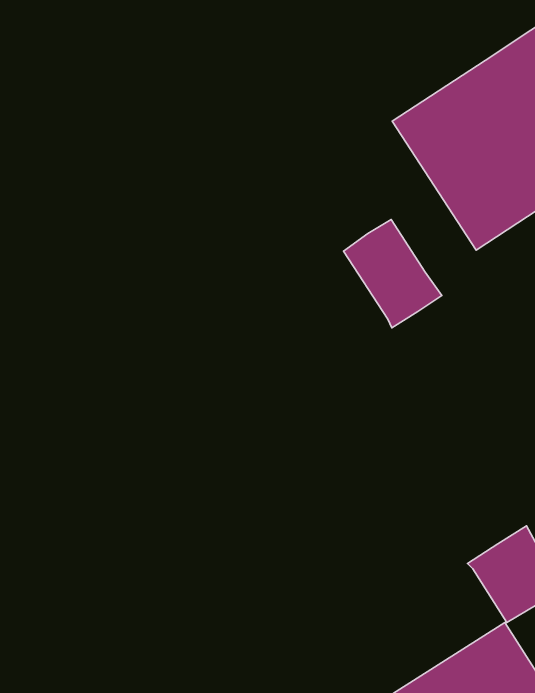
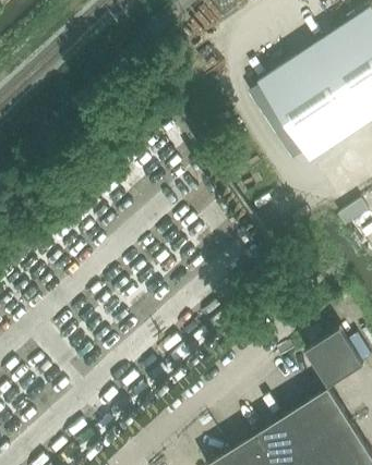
building: [343,220,442,328] -> none

